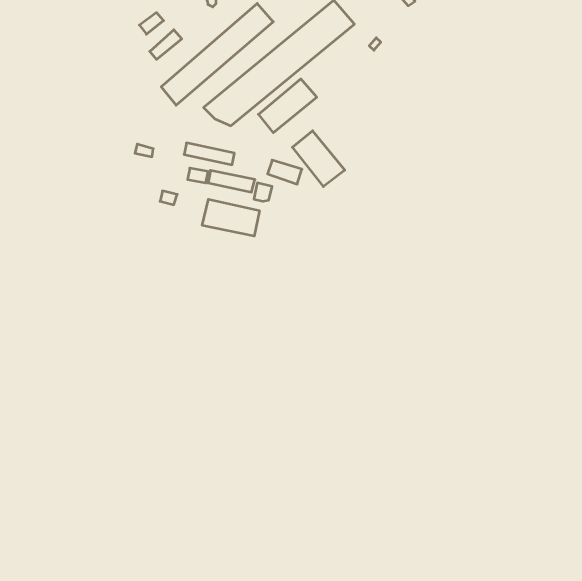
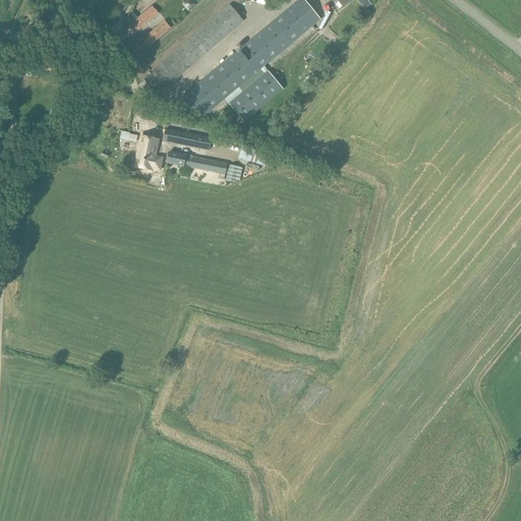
building: [292,131,345,187] -> none
building: none -> [137,134,163,168]
building: [202,199,259,236] -> none

